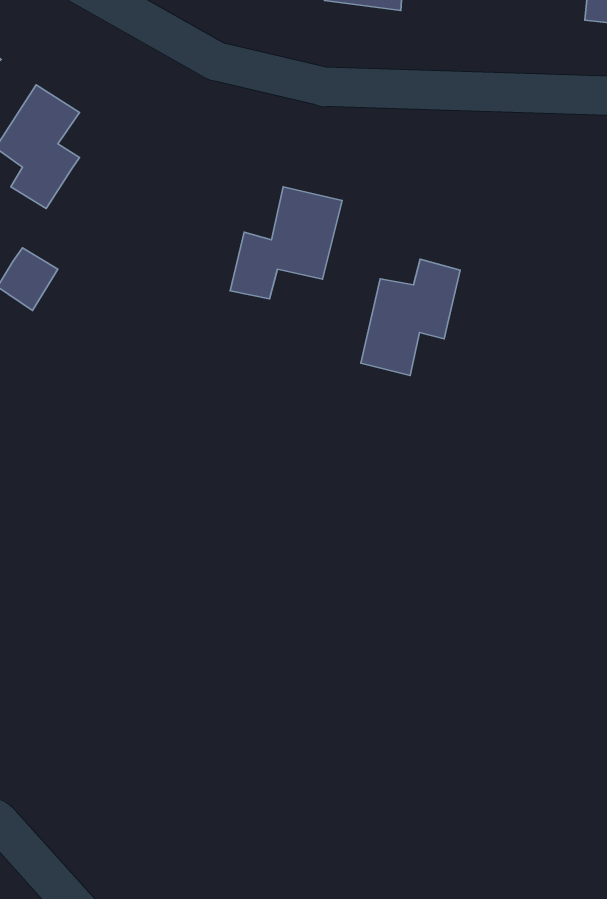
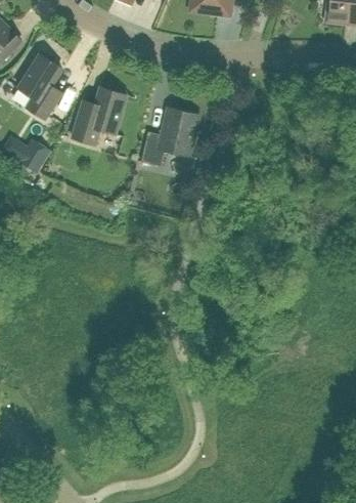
building: none -> [72,87,127,144]
building: [361,259,460,376] -> none

